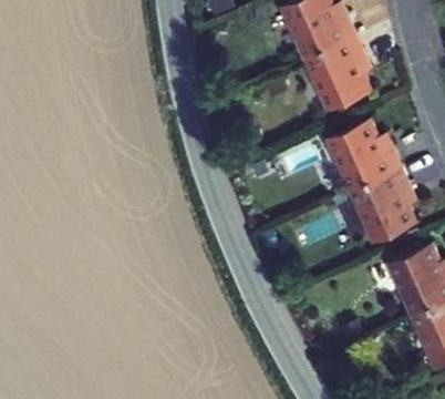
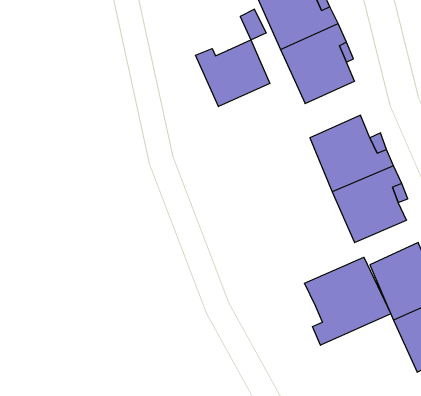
building: none -> [195,40,270,107]
building: none -> [305,257,391,345]

